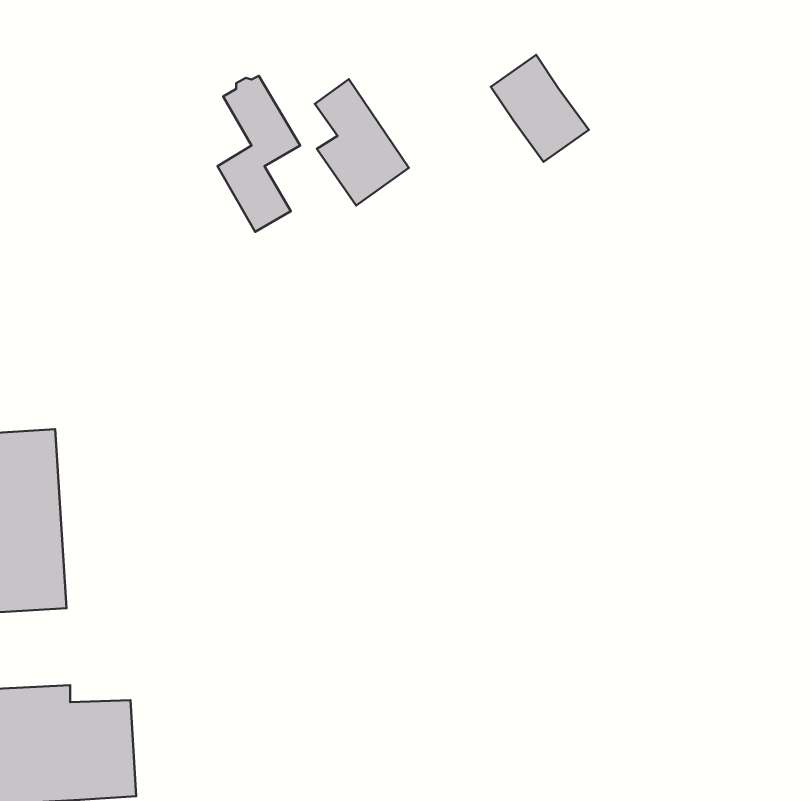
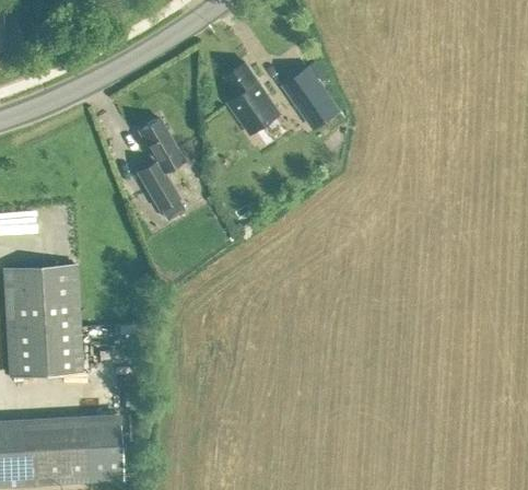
building: [491,55,589,162] -> [284,67,341,129]
building: [217,76,300,232] -> [136,119,184,210]

